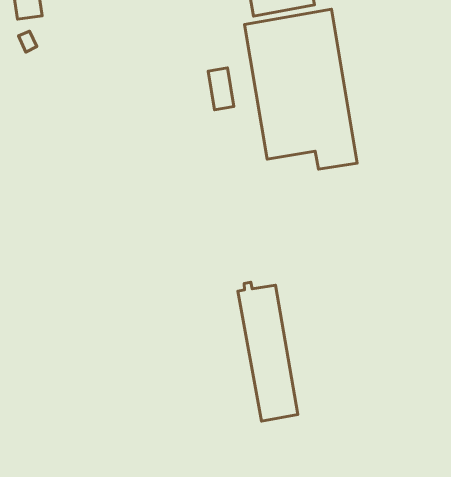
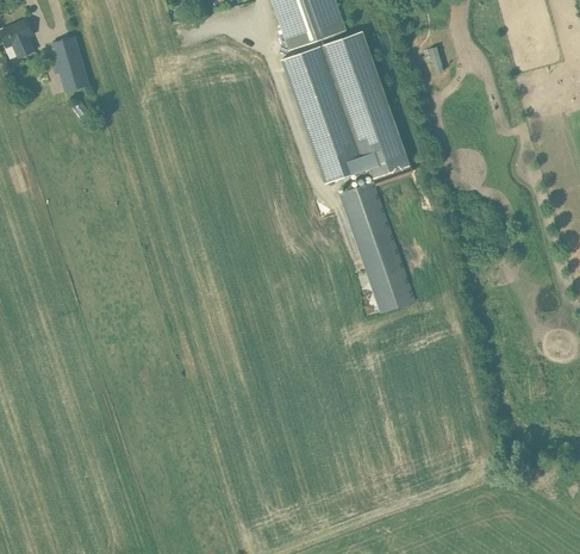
building: [208,68,234,110] -> none
building: [238,282,298,421] -> [338,182,414,313]

